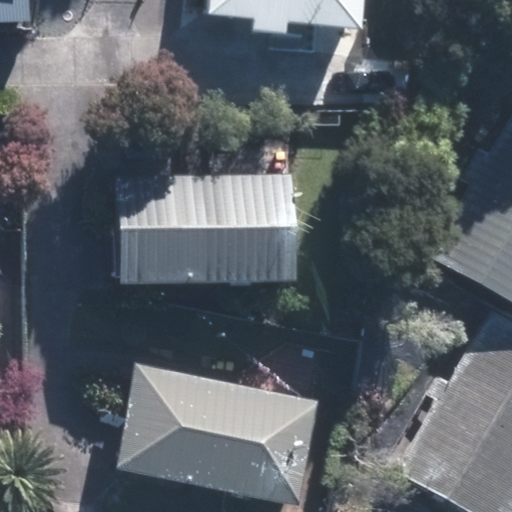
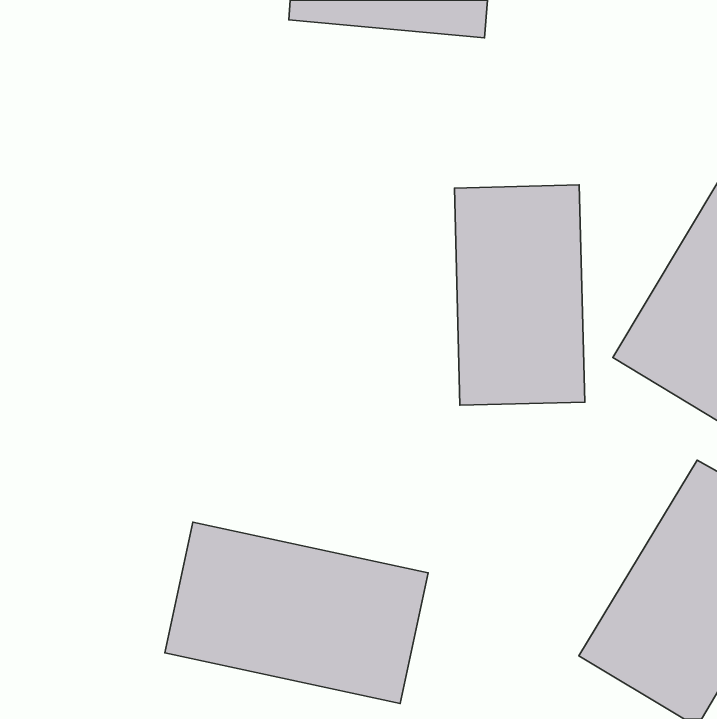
building: none -> [454,185,585,405]
building: [124,184,285,280] -> none

